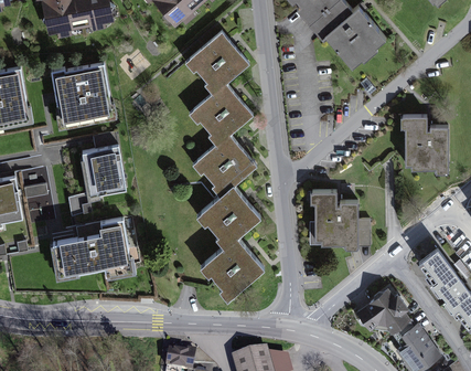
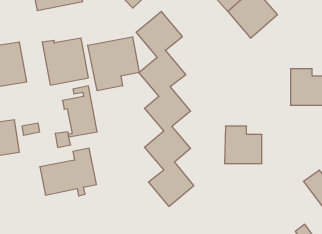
building: none -> [88,37,139,91]
building: [357,287,407,329] -> none

